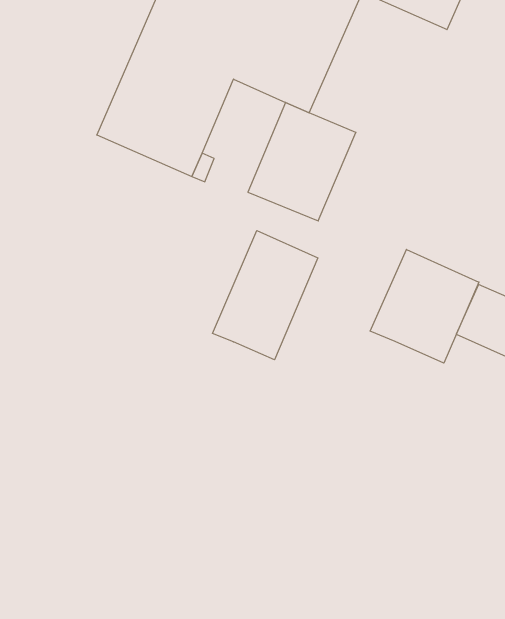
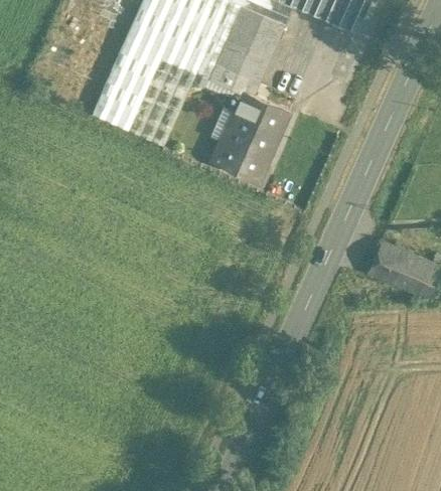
building: [213,231,318,360] -> none
building: [370,249,479,363] -> none

